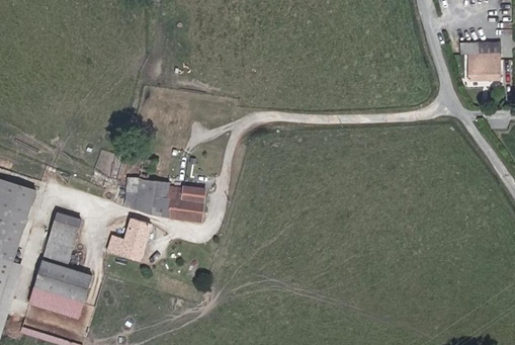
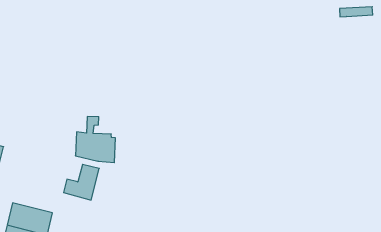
building: [467,54,501,80] -> none
building: [171,186,204,222] -> none
building: [45,212,80,261] -> none

